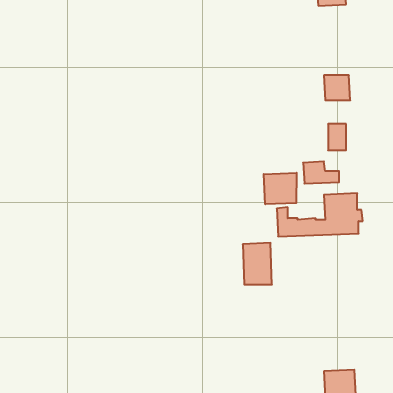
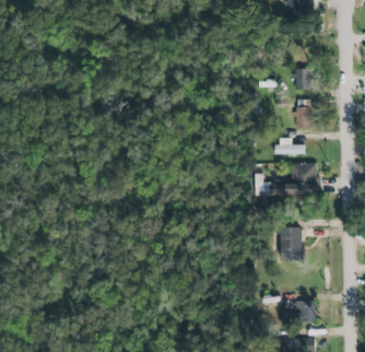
building: [264,173,297,204] -> none
building: [243,243,272,285] -> [280,226,303,259]

